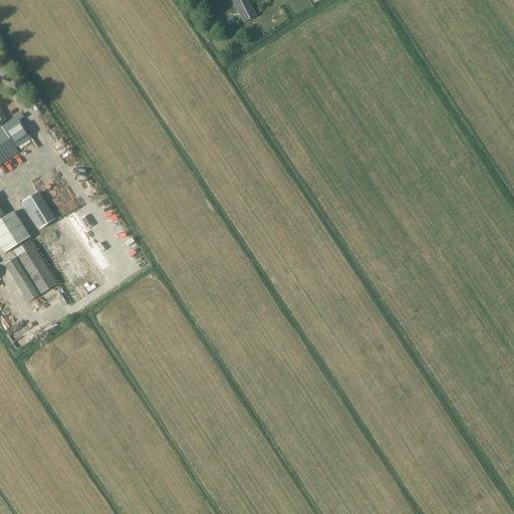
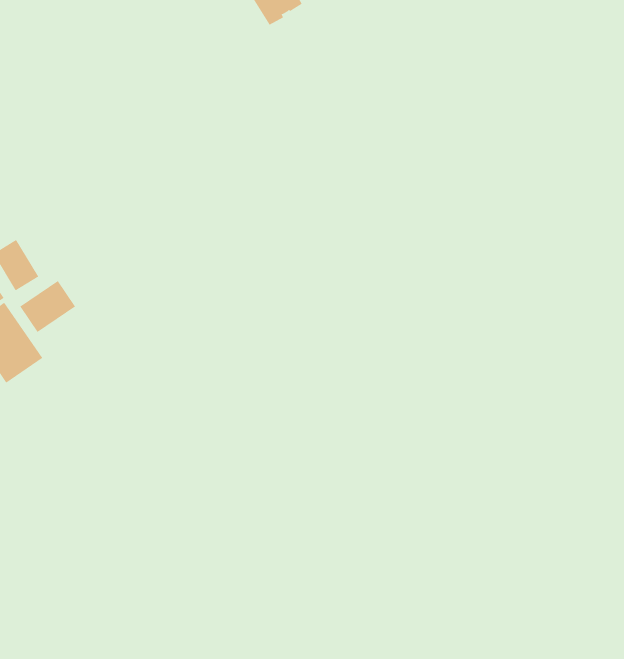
building: none -> [20,280,76,333]

